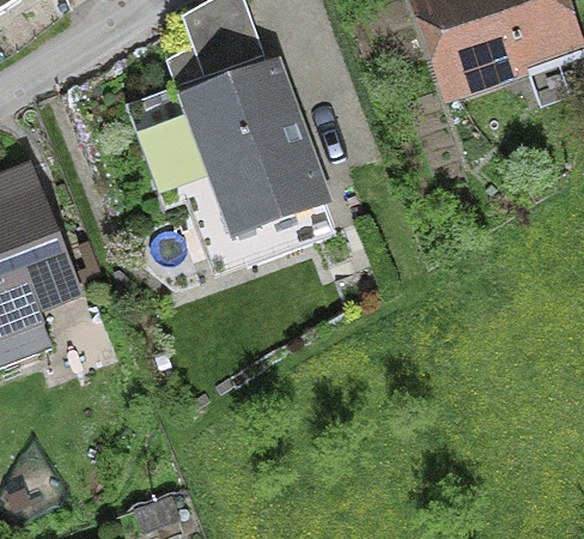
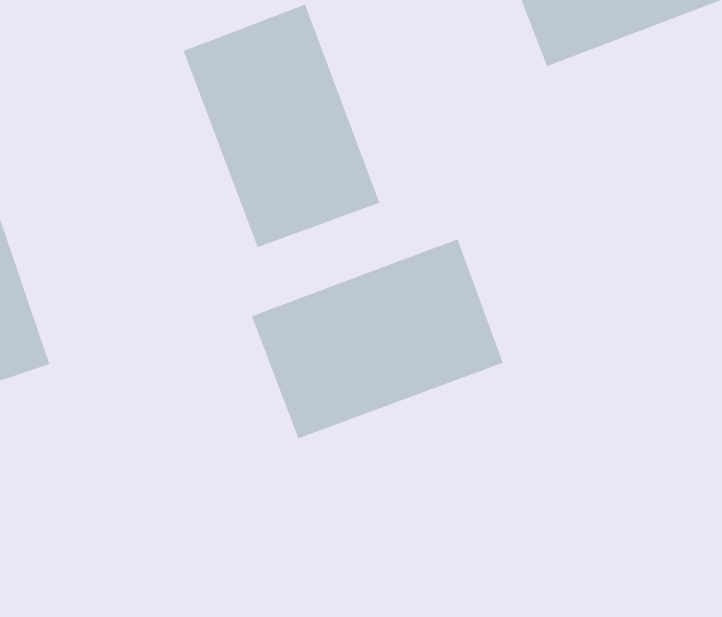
building: none -> [251,239,503,439]

